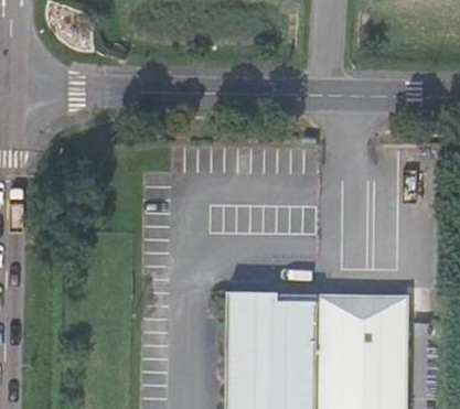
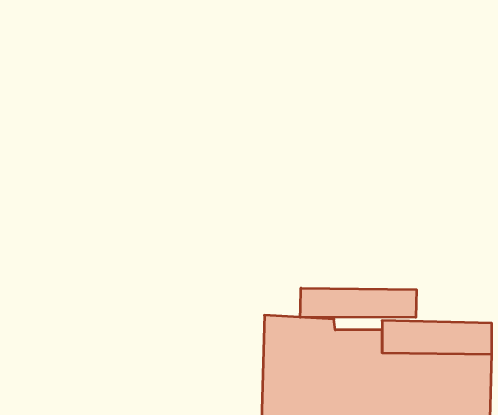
building: none -> [300,288,416,317]

